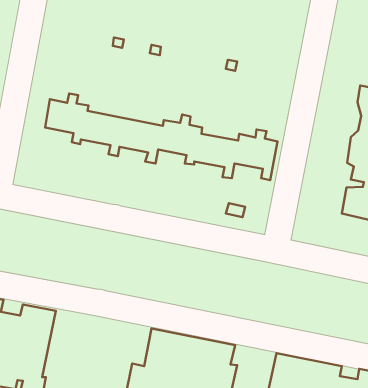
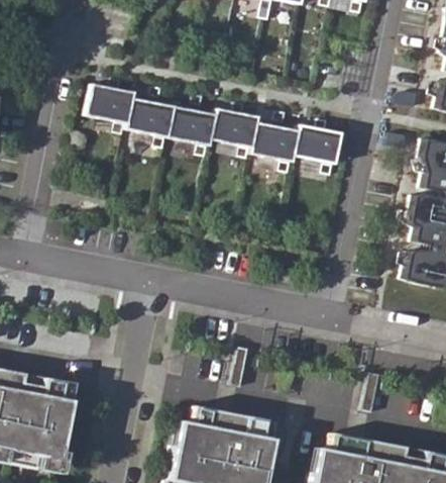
building: [45,93,278,180] -> [83,78,338,173]

